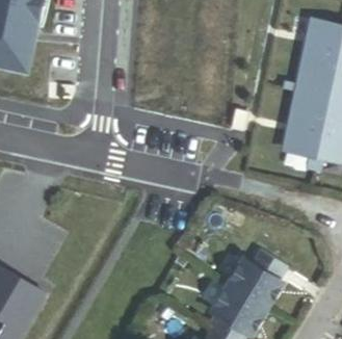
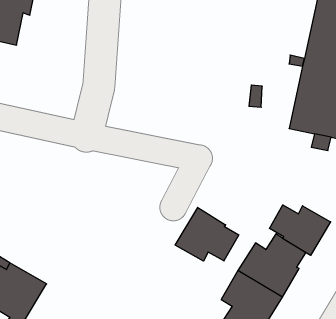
building: none -> [269,205,331,255]
building: none -> [175,207,239,261]

